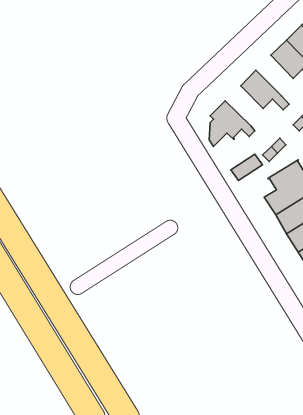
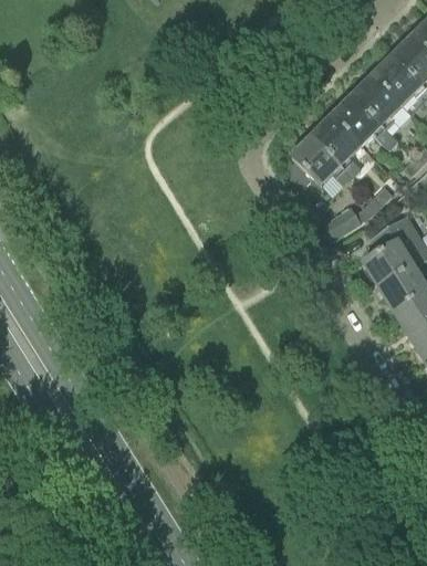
building: none -> [352,74,402,128]
building: none -> [311,115,362,175]

